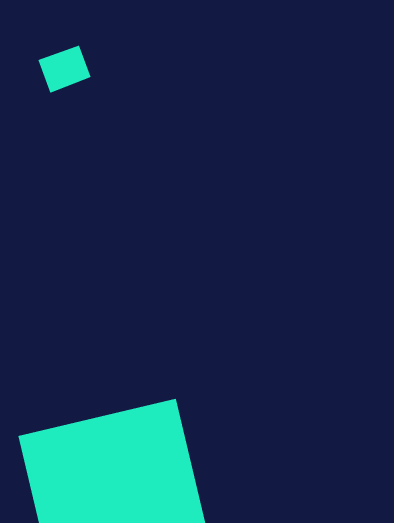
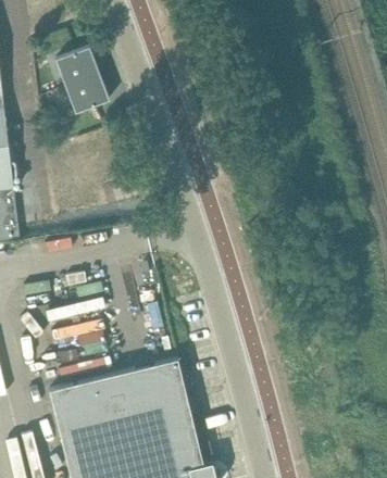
building: none -> [55,46,99,85]

